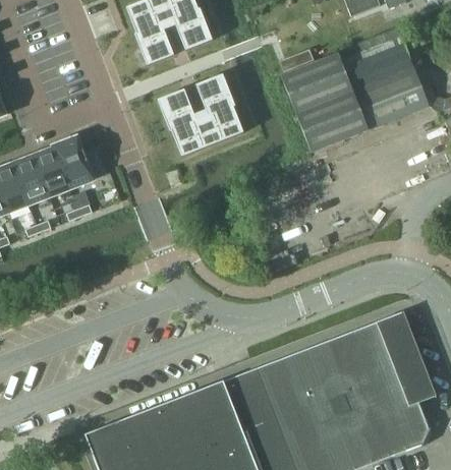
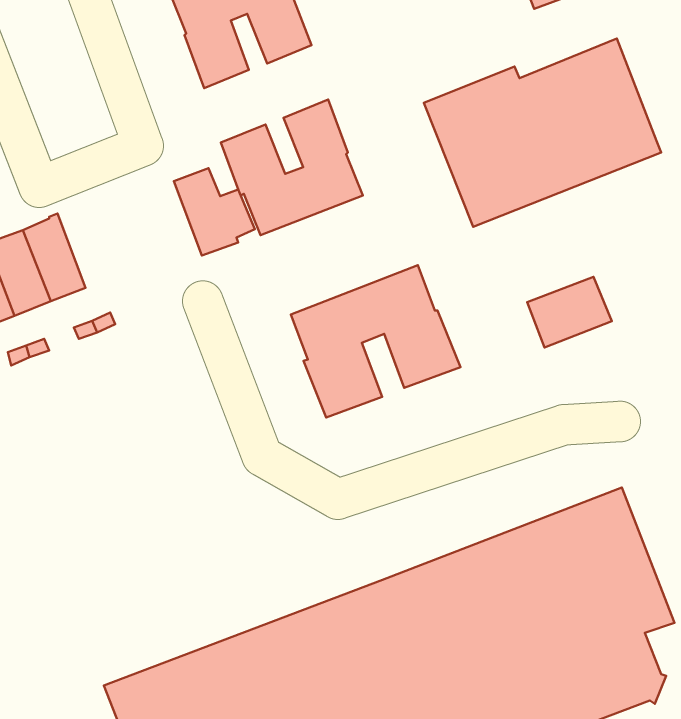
building: [56,135,106,189] -> [174,168,255,256]
building: none -> [291,265,460,418]
building: none -> [527,277,612,348]

